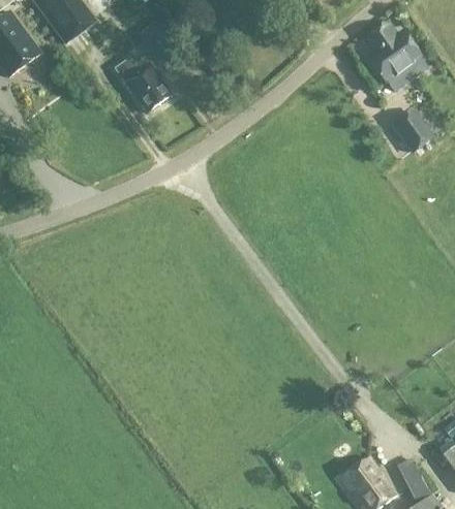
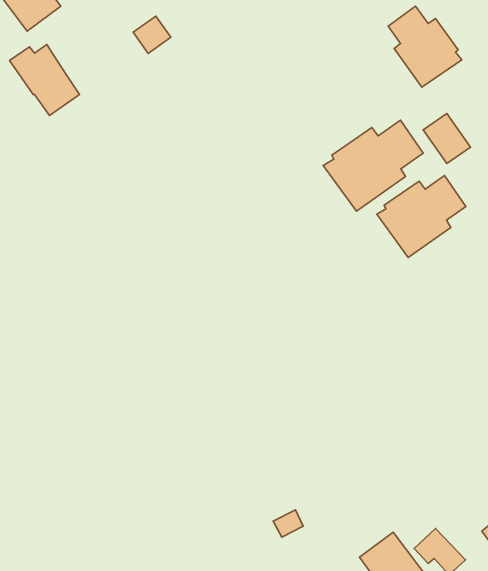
building: [114,53,172,112] -> [9,44,79,116]
building: none -> [323,120,423,211]
building: none -> [377,175,466,258]

